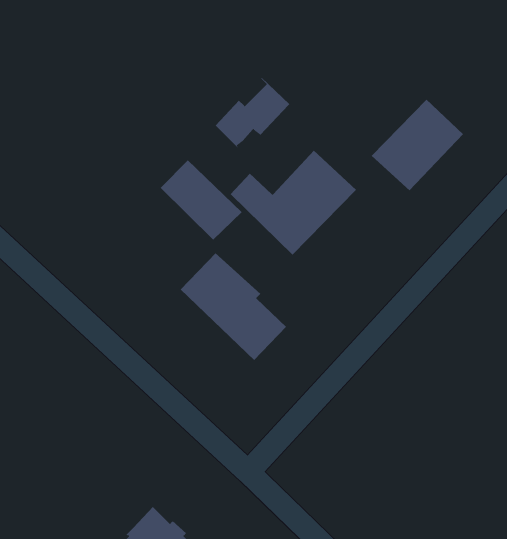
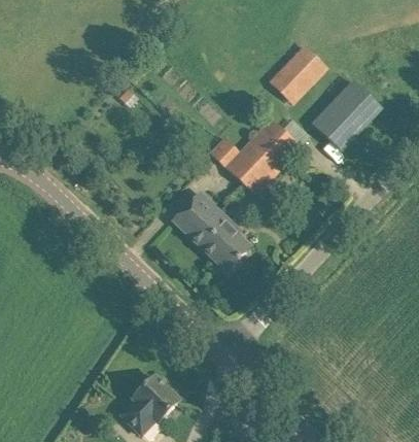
building: [215,77,290,148] -> [272,46,326,98]
building: [160,160,242,241] -> none

